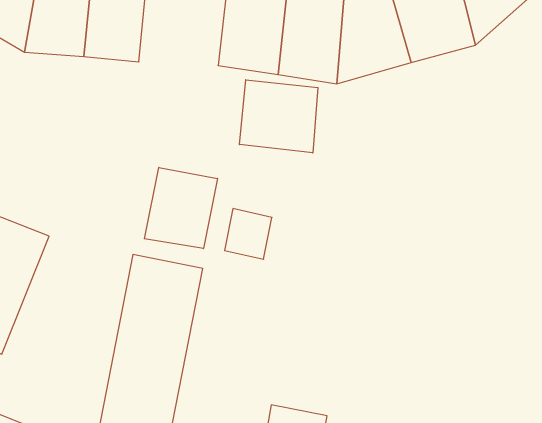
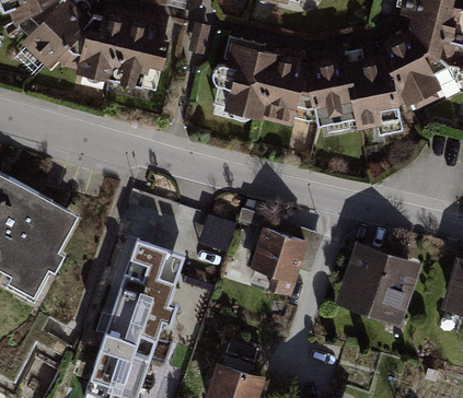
building: [239,80,318,153] -> none
building: [144,167,217,249] -> none
building: none -> [252,230,308,284]
building: none -> [340,246,418,320]

